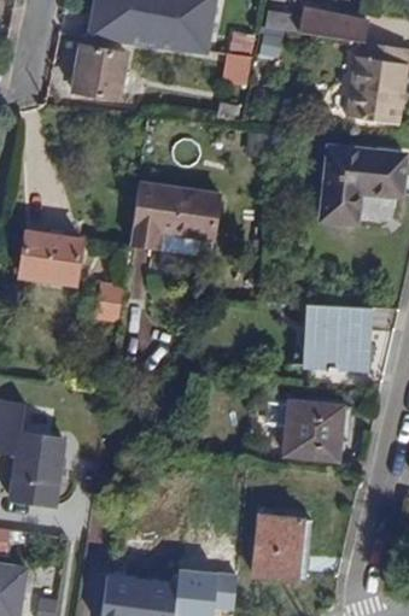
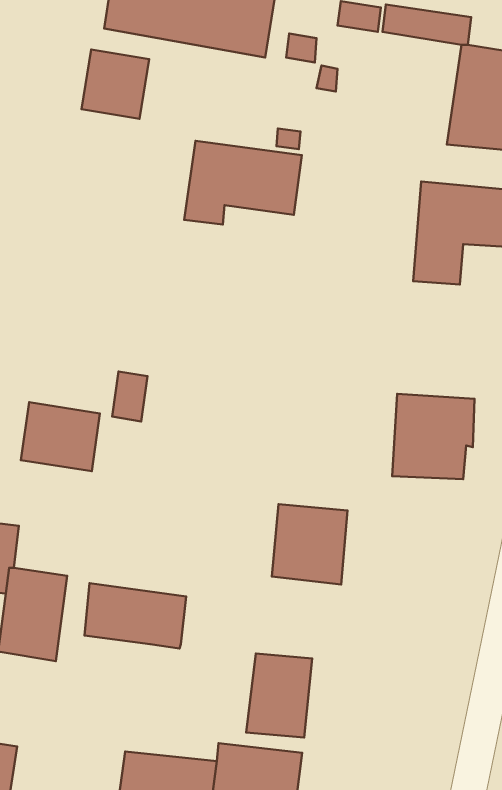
building: [130,184,218,247] -> [184,141,302,225]
building: [21,233,80,284] -> [21,402,100,471]
building: [286,401,343,462] -> [272,504,348,584]
building: none -> [84,583,186,648]
building: [253,517,303,580] -> [246,654,312,737]

